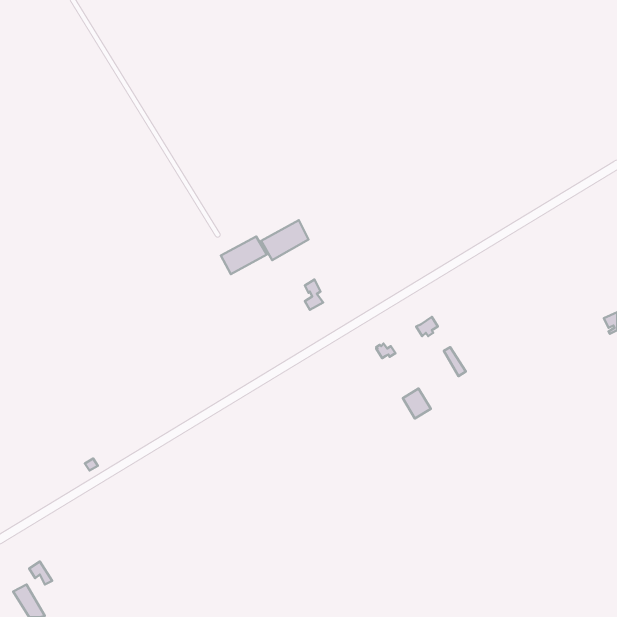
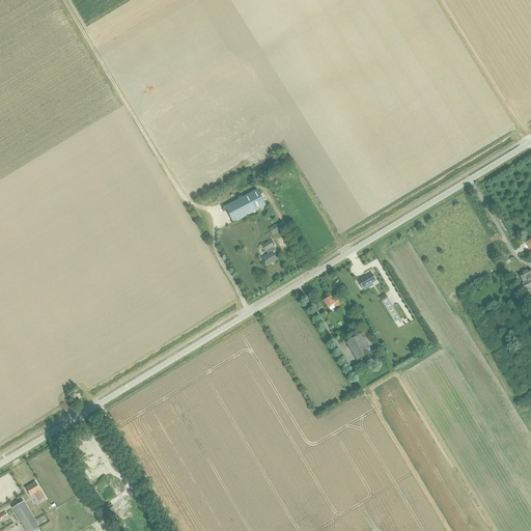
building: [221,237,267,274] -> none

